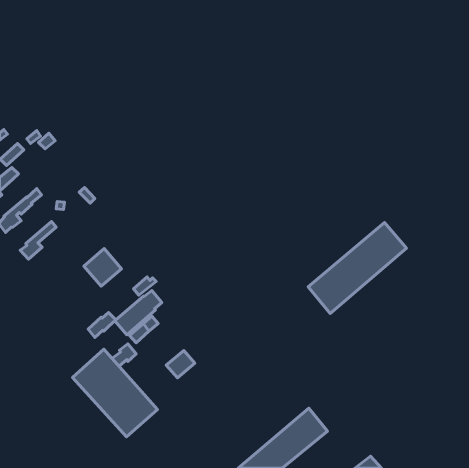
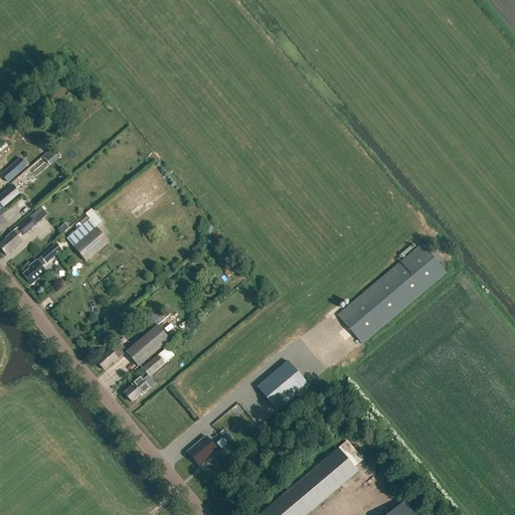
building: [84,249,121,286] -> [66,218,108,260]
building: none -> [255,360,307,409]
building: [73,349,157,437] -> none
building: [166,350,195,378] -> [187,436,218,466]

